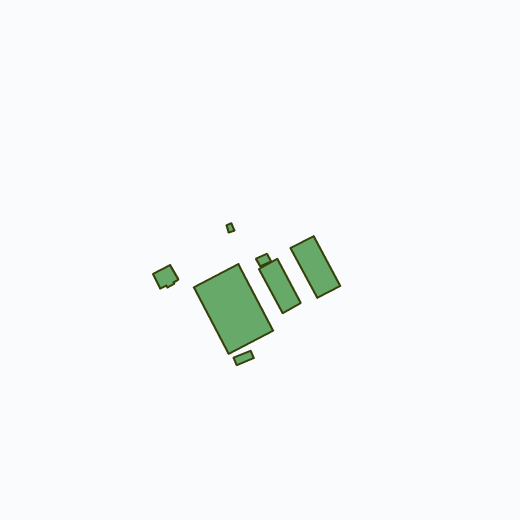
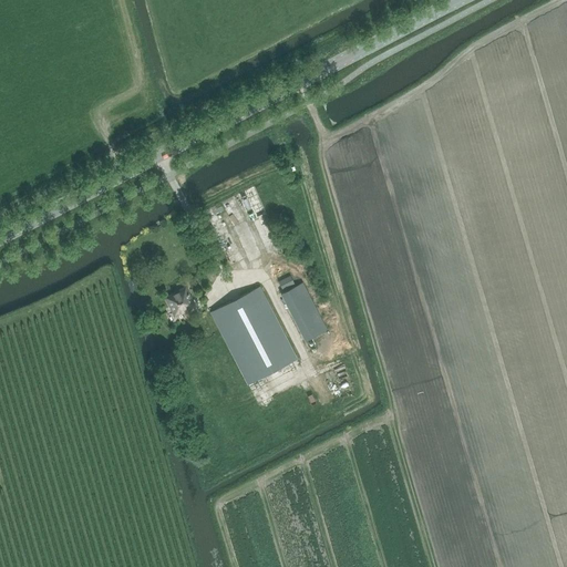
building: [291,236,340,298] -> none

